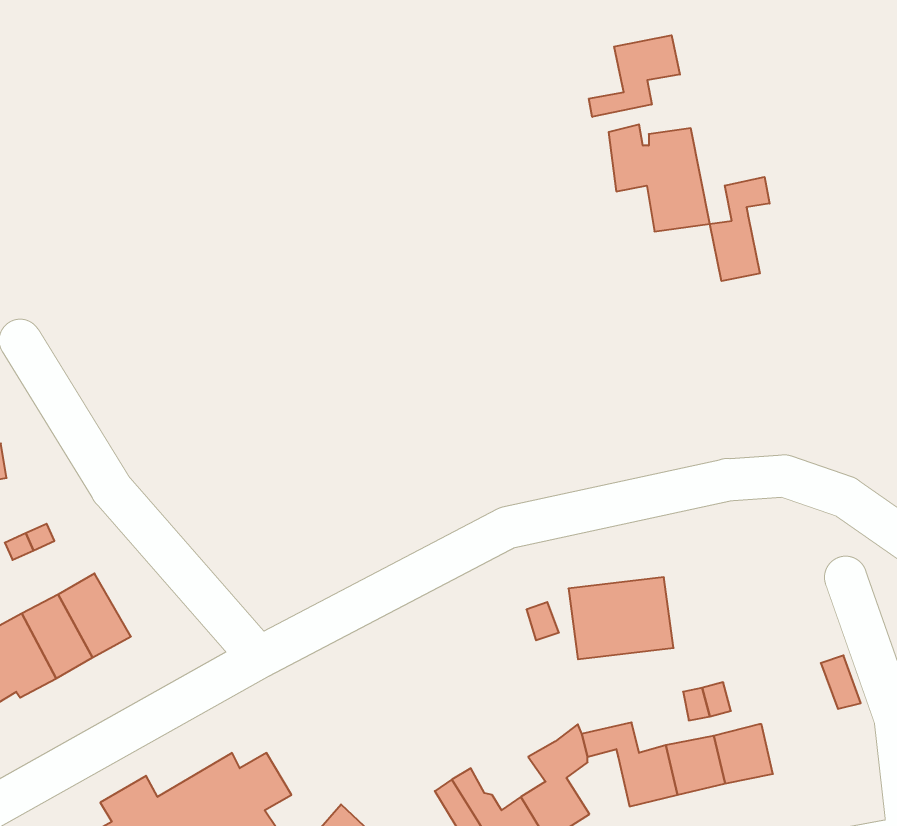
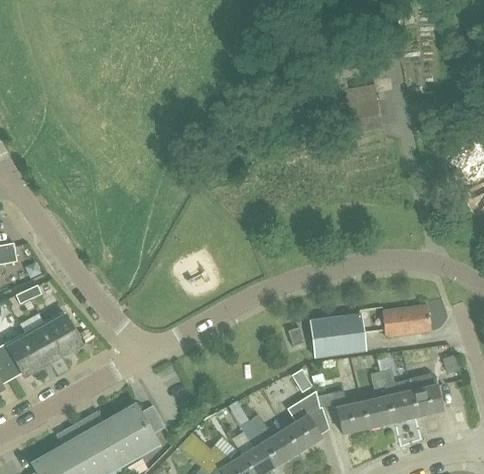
building: [589,35,680,117] -> none
building: [710,177,770,281] -> none
building: none -> [382,305,430,337]
building: none -> [407,373,442,417]

